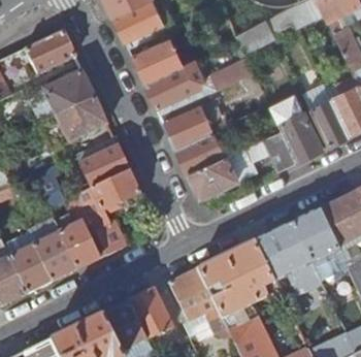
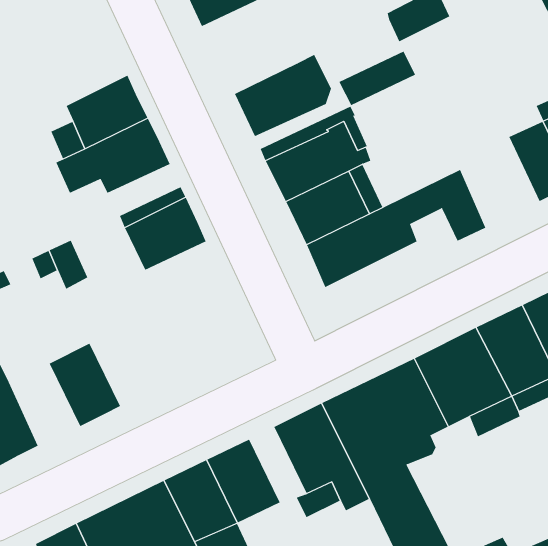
building: [26,32,75,76] -> none
building: [132,38,184,83] -> none
building: [269,92,322,163] -> none
building: [77,171,140,256] -> none
building: [59,221,100,270] -> none
building: [10,245,53,294] -> none

